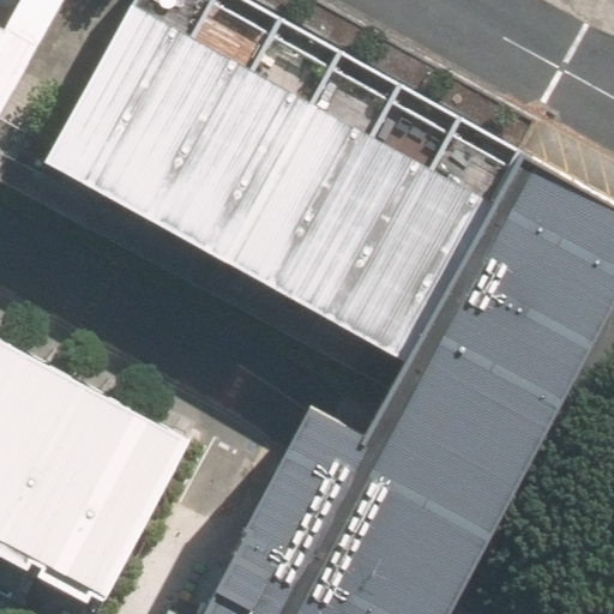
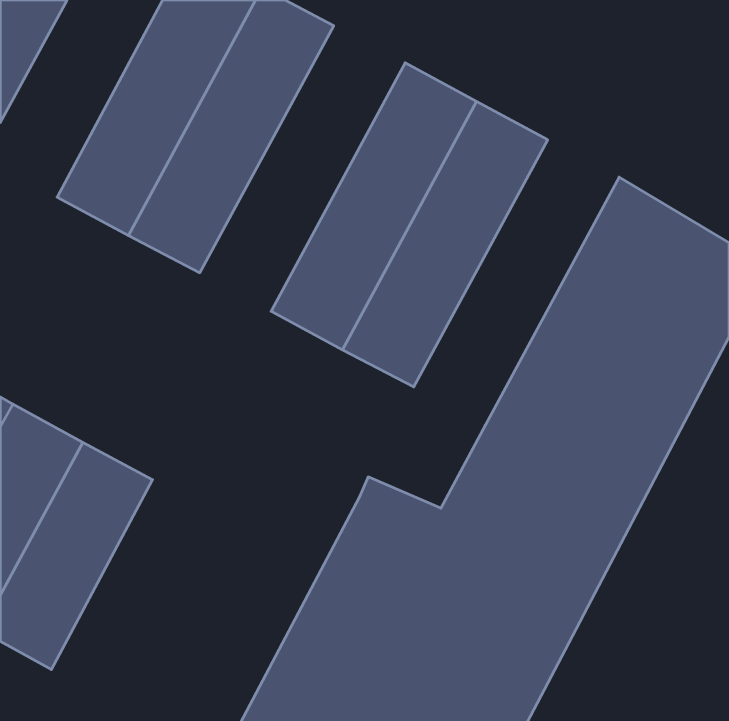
building: [168,29,341,269] -> none
building: [348,125,520,365] -> none
building: [43,410,188,601] -> none

